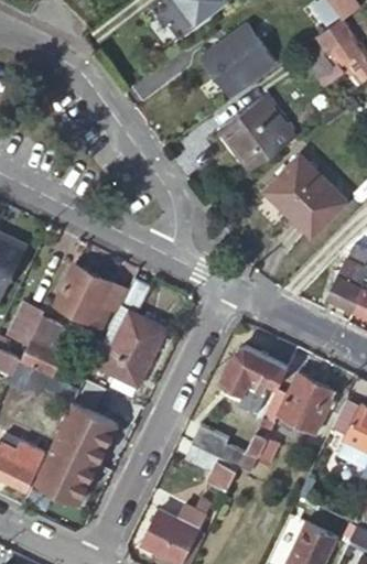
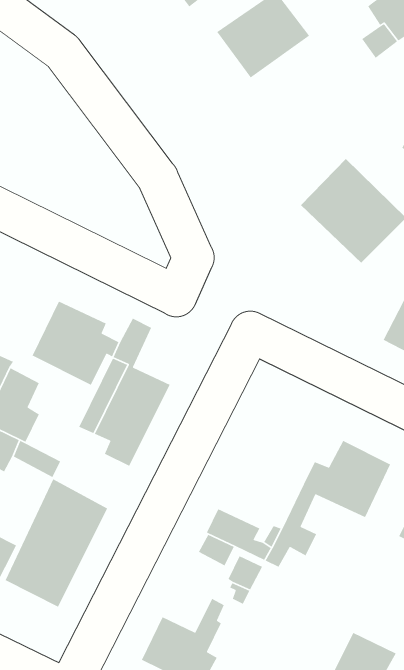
building: [219,97,295,172] -> none
building: [220,347,287,416] -> none

